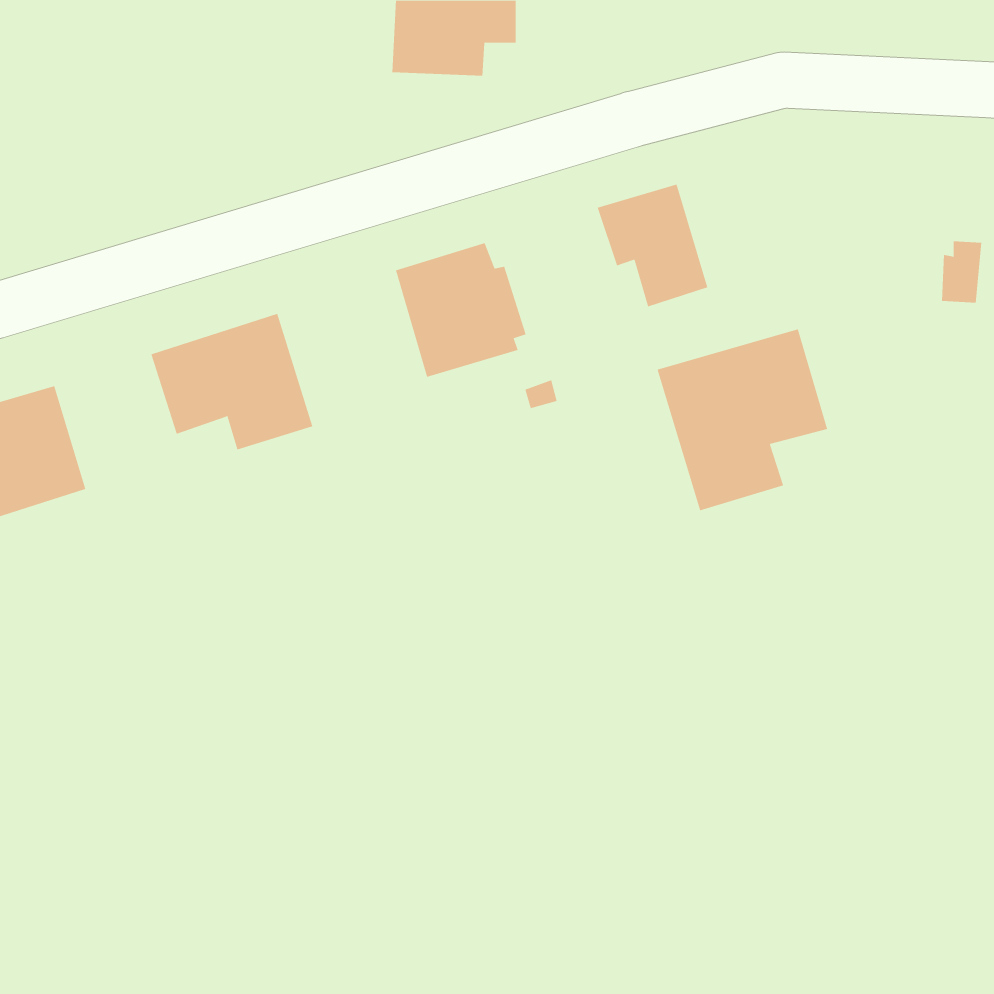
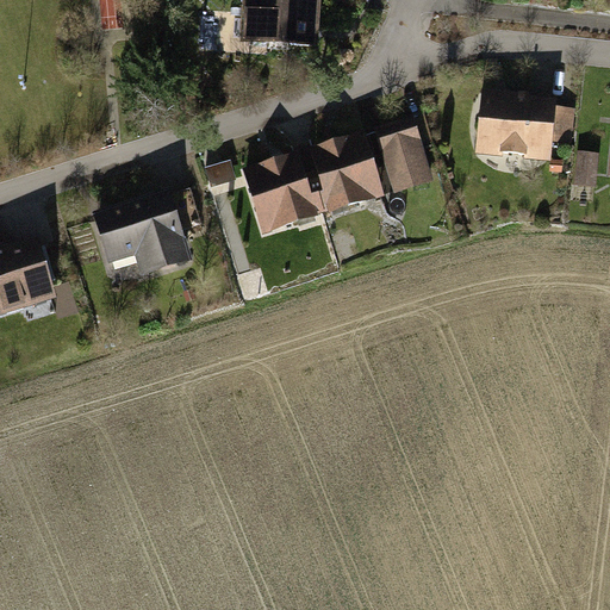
building: none -> [477,88,574,155]
building: none -> [307,129,384,211]
building: [657,329,828,511] -> none

